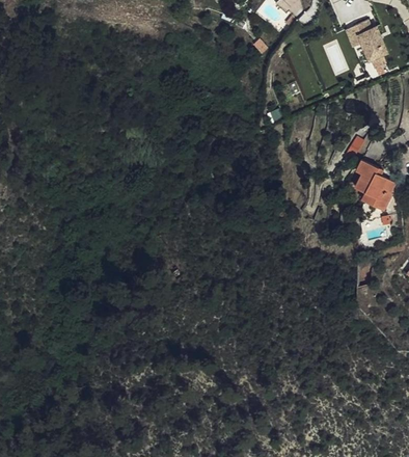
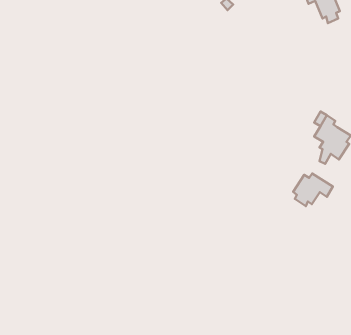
building: none -> [293,173,333,206]

